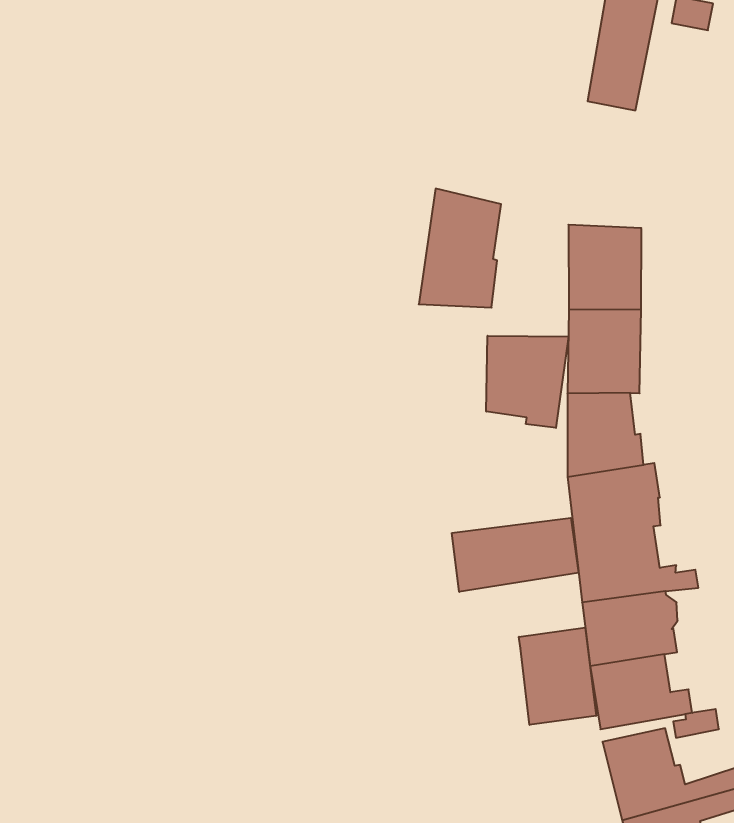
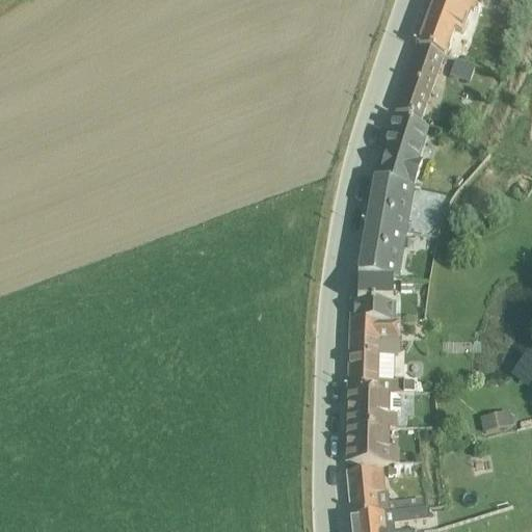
building: [419,189,501,308] -> [373,113,428,185]
building: [486,336,568,428] -> none
building: [452,518,579,592] -> none
building: [519,628,596,725] -> none

